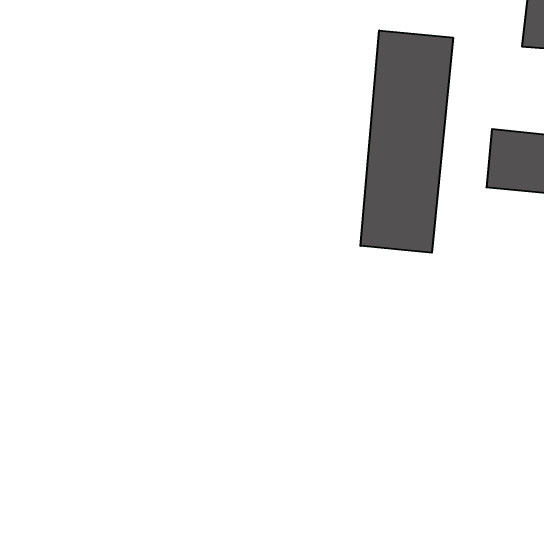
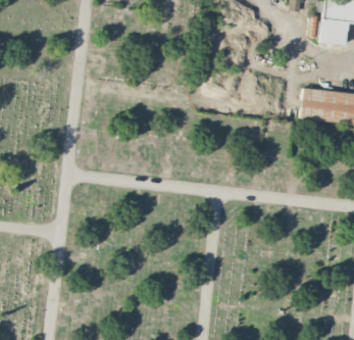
building: [360,30,453,253] -> none

